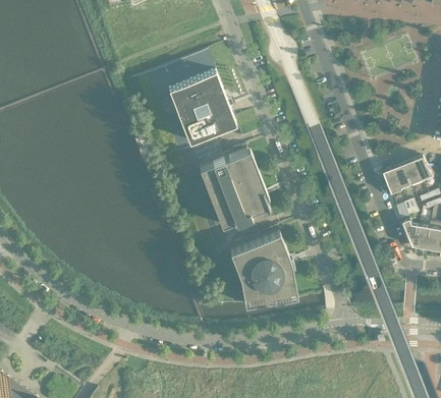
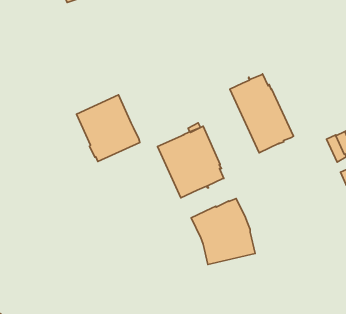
building: [168,70,235,141] -> [76,95,140,162]
building: none -> [230,74,294,153]

